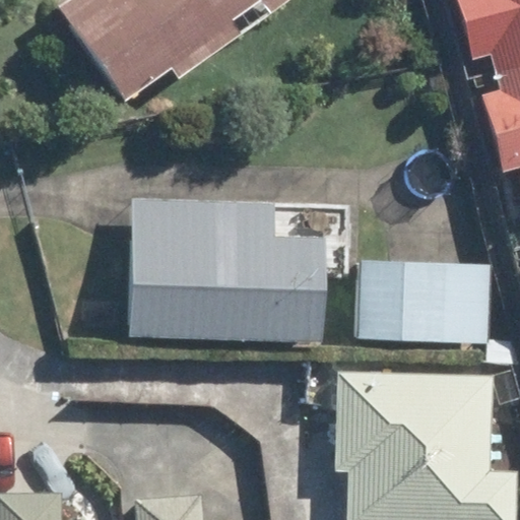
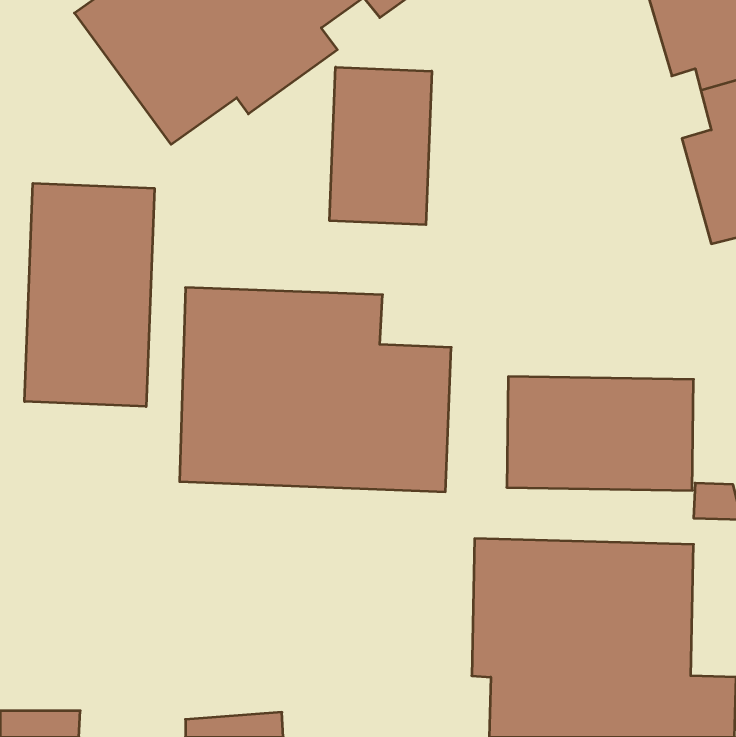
building: none -> [330,67,432,225]
building: none -> [25,183,154,407]

